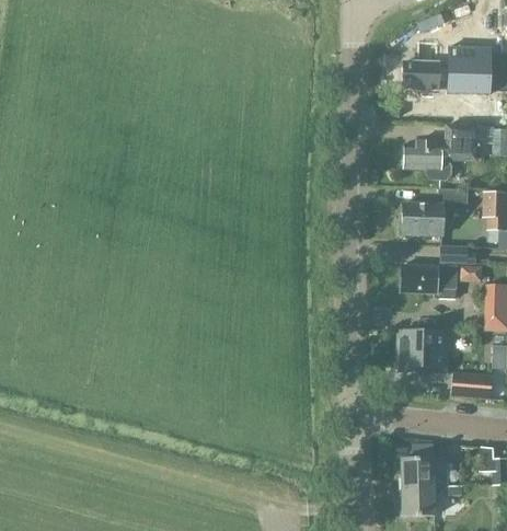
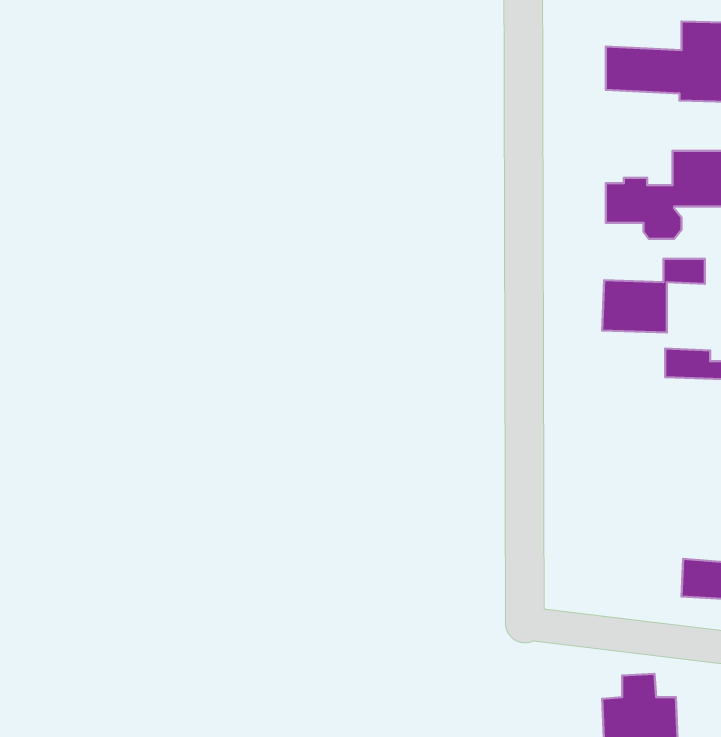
building: [402,265,457,298] -> none
building: [396,331,448,373] -> none

